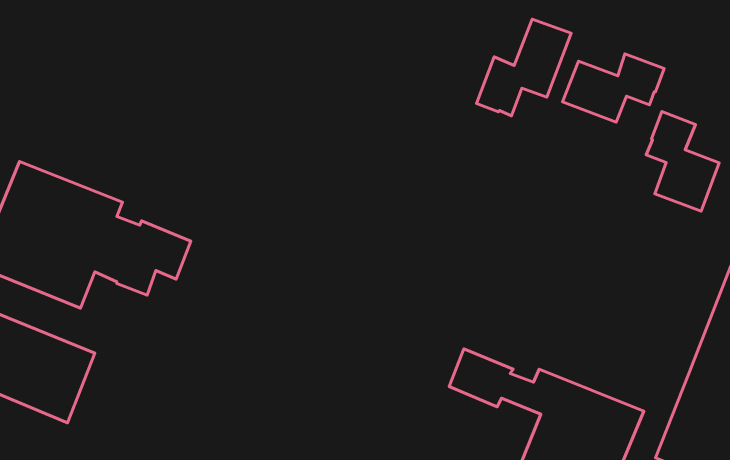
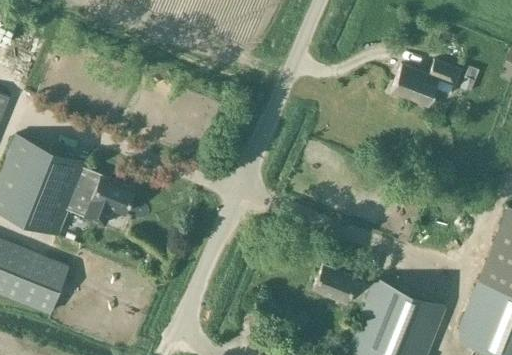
building: [476,19,571,116] -> none
building: [646,111,719,211] -> none

